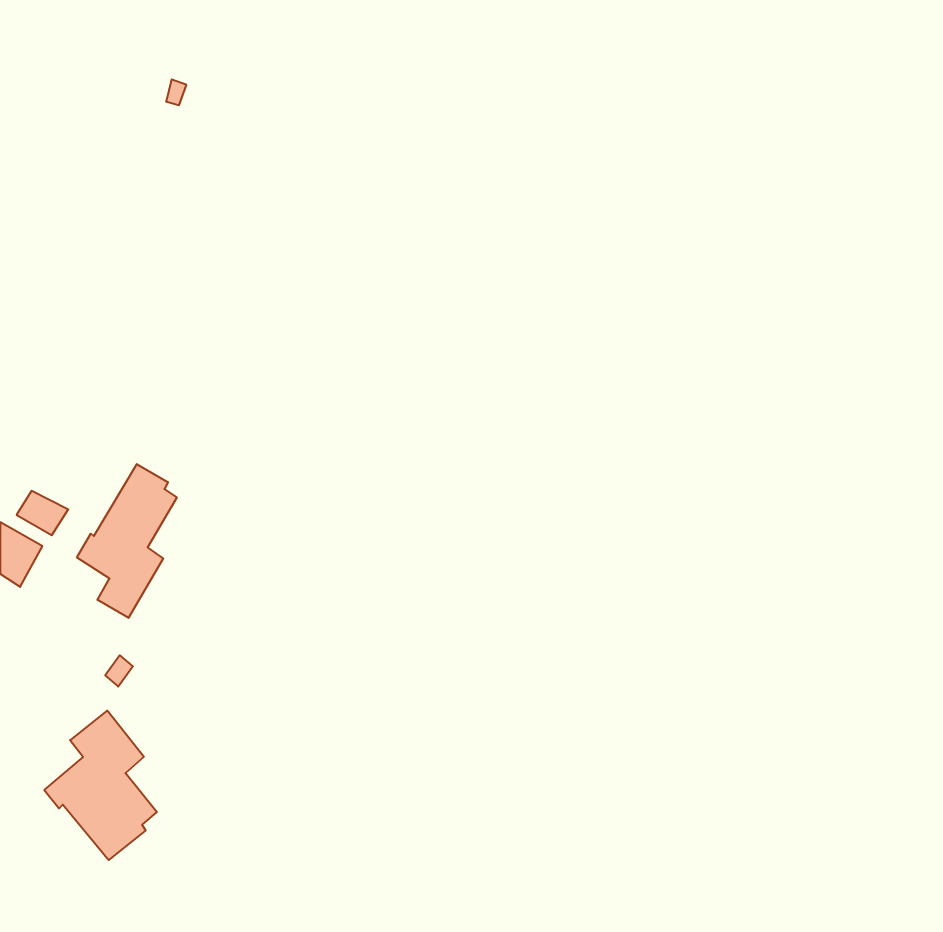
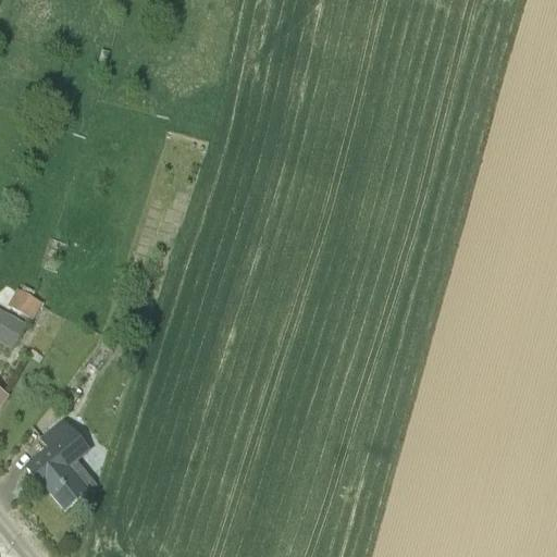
building: [77,464,177,618] -> none

